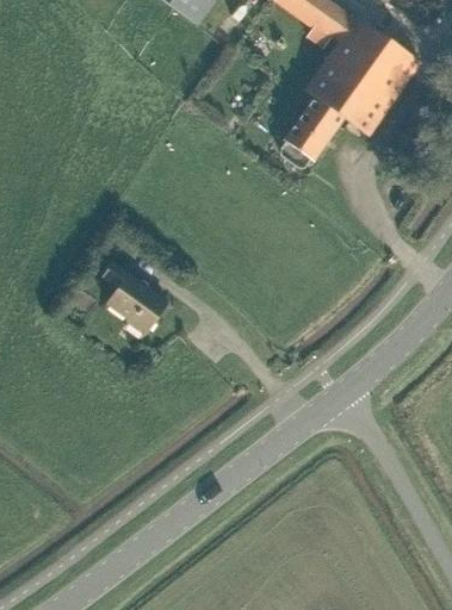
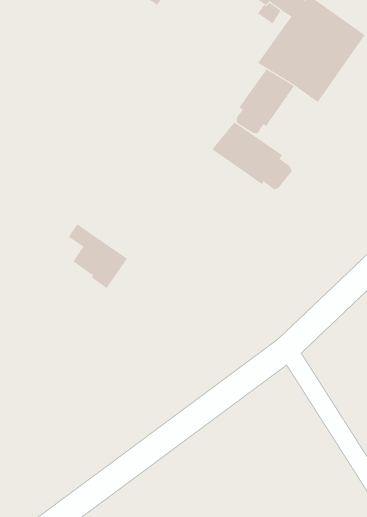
building: none -> [211,121,293,190]

